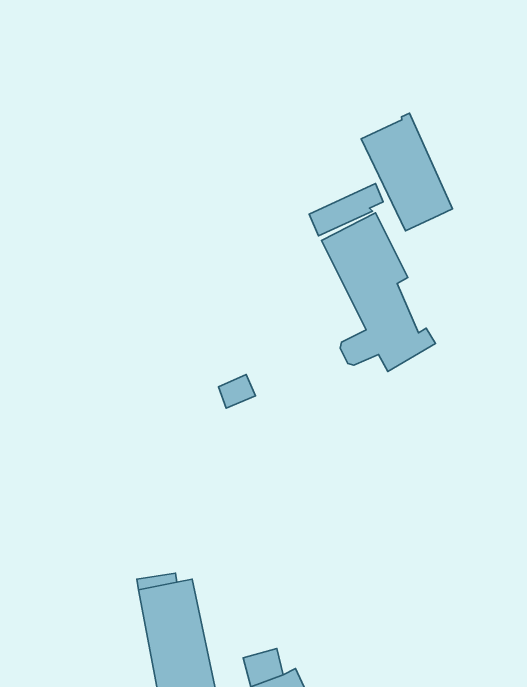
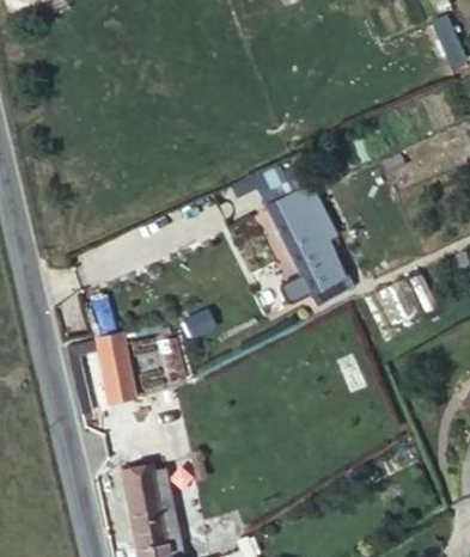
building: [361,113,453,231] -> none
building: none -> [97,333,134,402]

